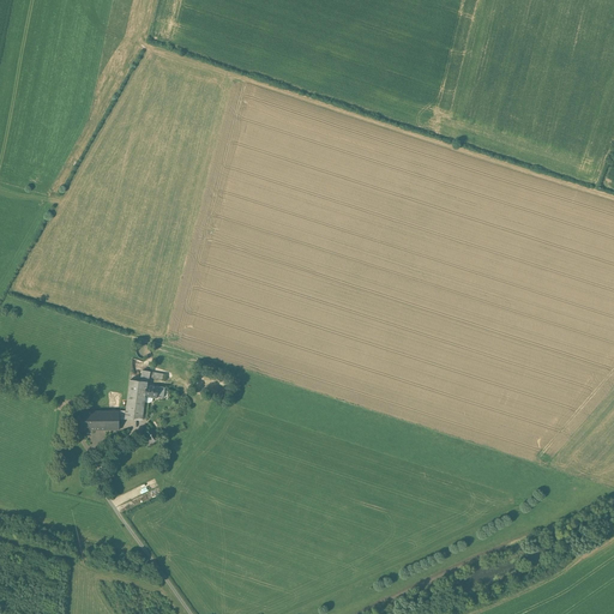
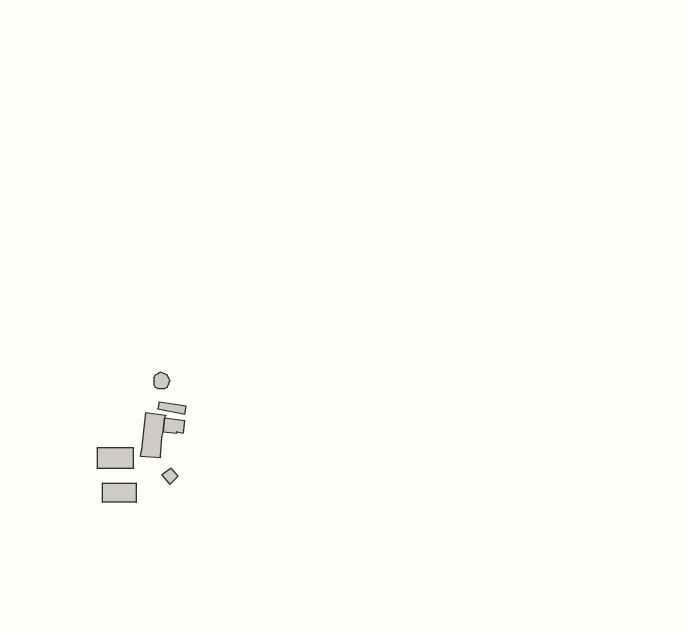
building: none -> [103,483,136,502]

